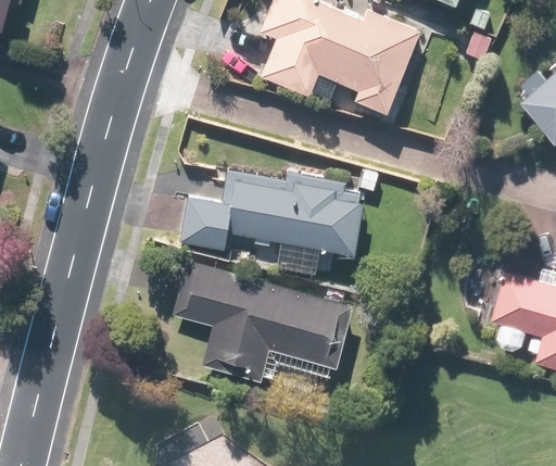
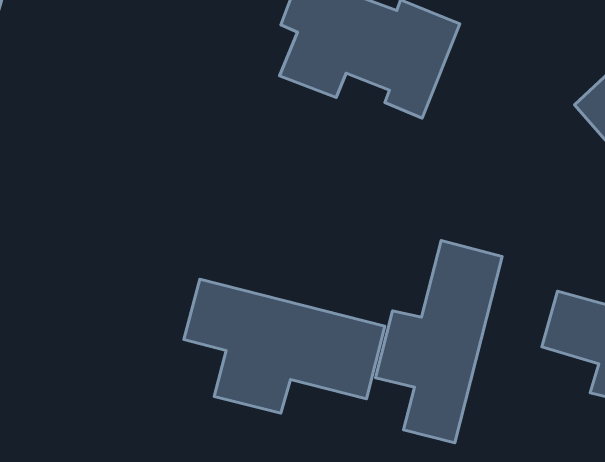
building: [180,169,364,257] -> none
building: none -> [376,241,502,443]

